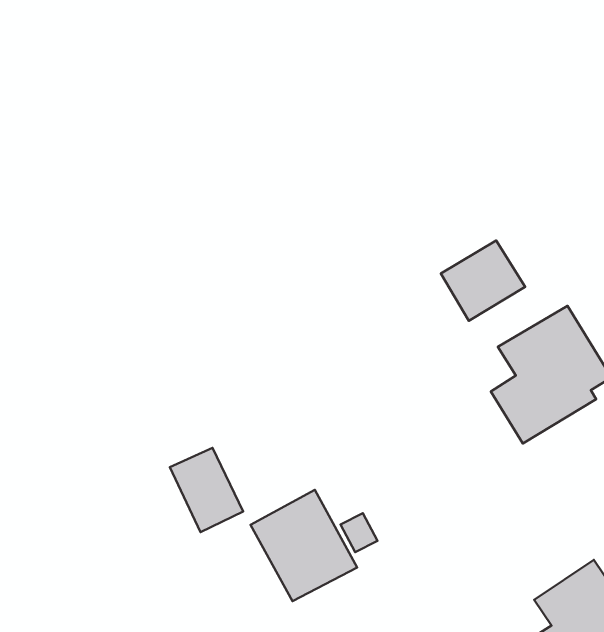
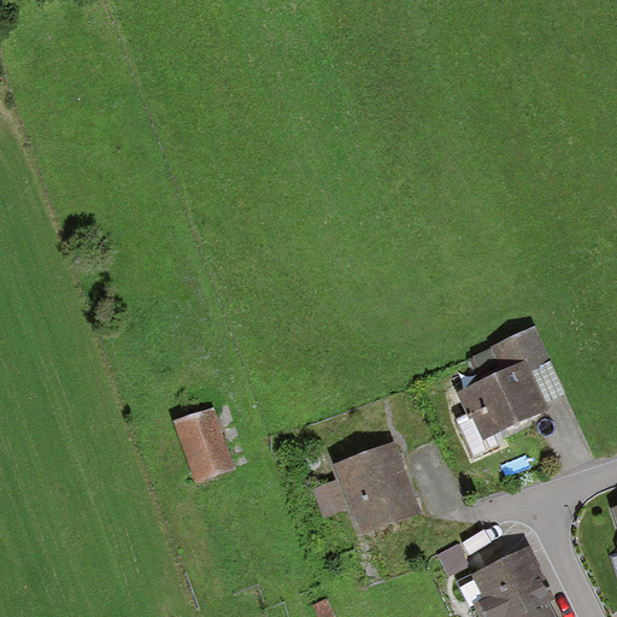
building: [441,240,525,321] -> none
building: [250,490,357,601] -> [333,441,419,534]

